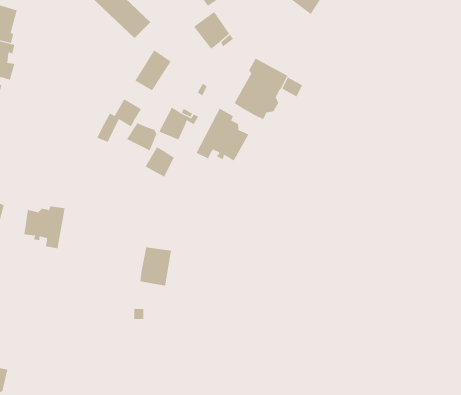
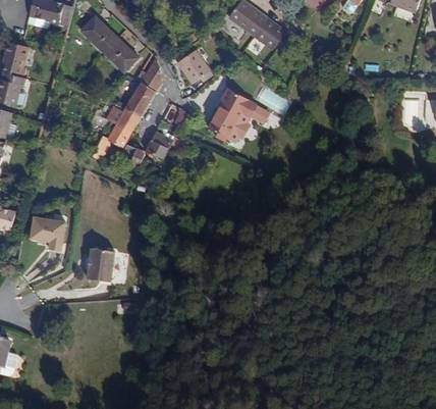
building: none -> [137,58,165,91]
building: none -> [111,104,140,132]
building: [196,108,249,162] -> none
building: [145,146,175,177] -> none
building: [140,247,172,286] -> [90,251,117,285]

